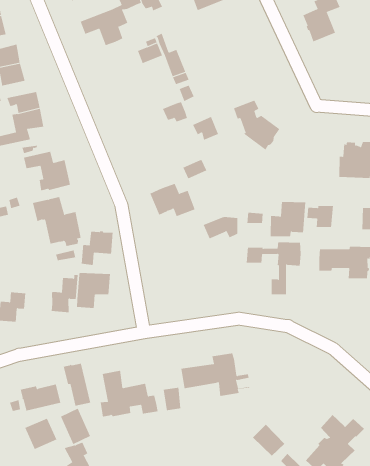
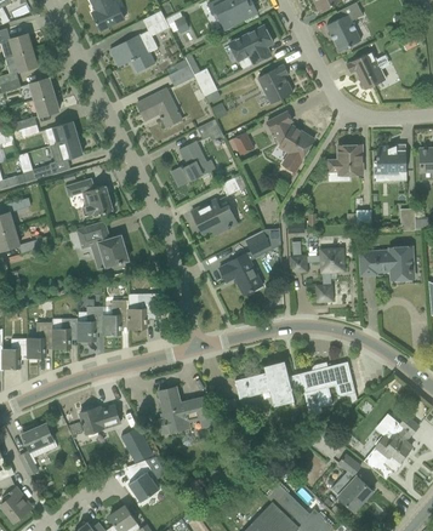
building: none -> [228,27,272,69]
building: none -> [346,52,389,90]
building: none -> [256,65,292,104]
building: none -> [136,90,181,127]
building: none -> [171,142,213,187]
building: [270,201,306,237] -> [327,145,361,182]
building: [81,230,113,266] -> none
building: none -> [218,253,262,295]
building: none -> [78,307,103,341]
building: none -> [300,361,355,415]
building: [63,363,91,406] -> none
building: [25,418,57,450] -> none

